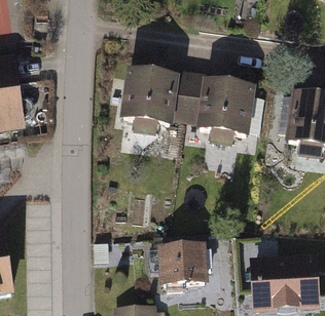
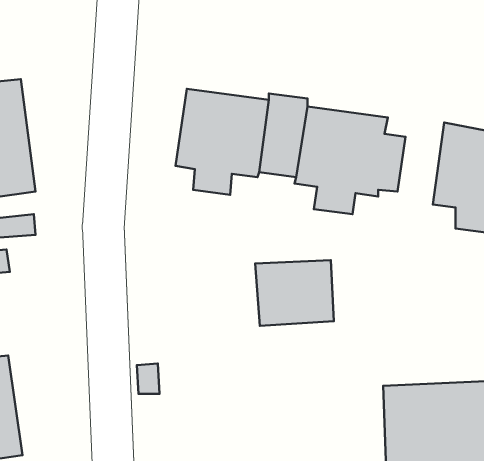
building: [155,243,206,285] -> [255,260,334,326]

